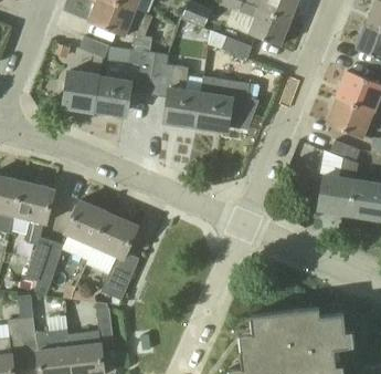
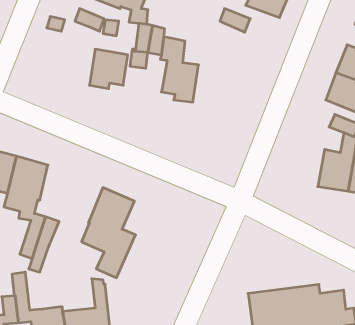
building: [64,72,99,112] -> none
building: [195,76,258,132] -> none
building: [65,200,107,247] -> none

